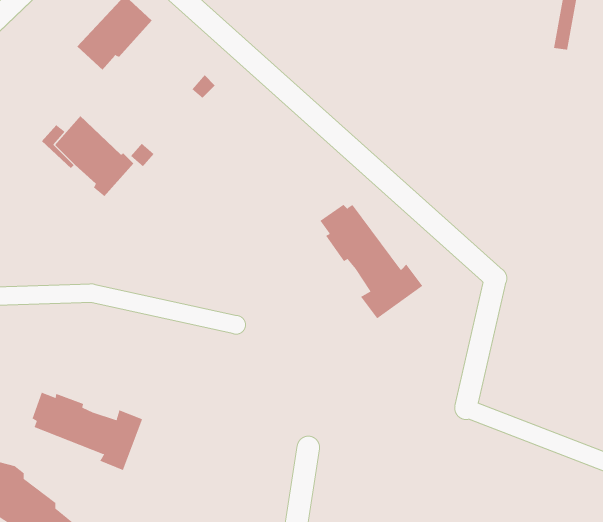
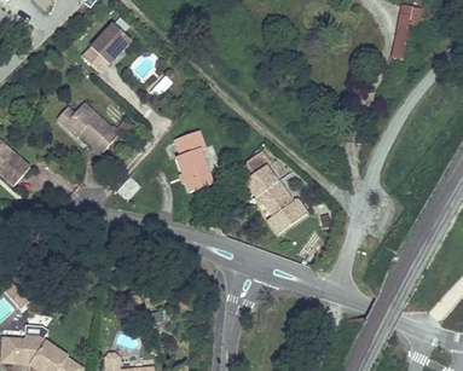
building: none -> [176,132,214,192]
building: [32,392,143,471] -> none

